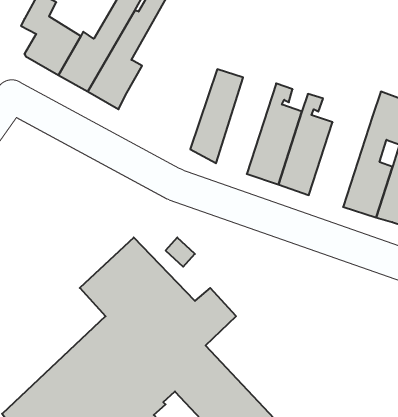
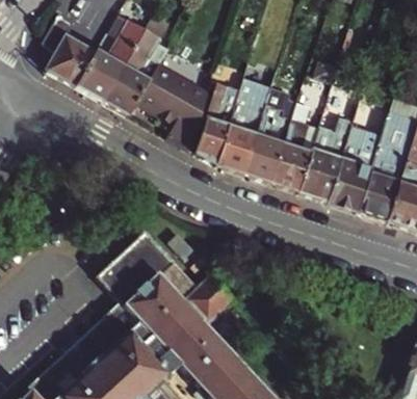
building: none -> [138,62,211,152]
building: none -> [217,86,270,175]
building: none -> [299,118,356,204]

